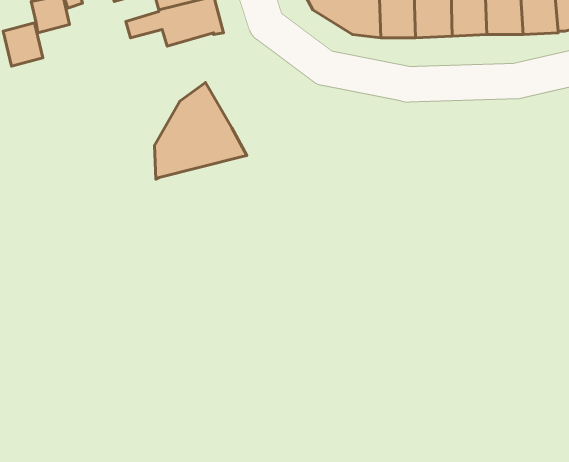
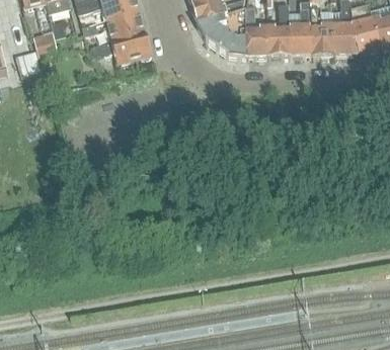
building: [155,82,247,179] -> none

